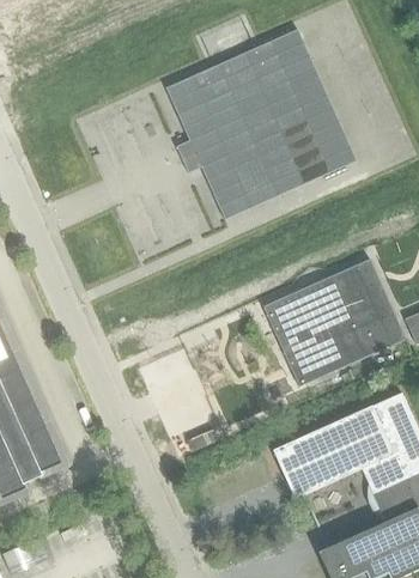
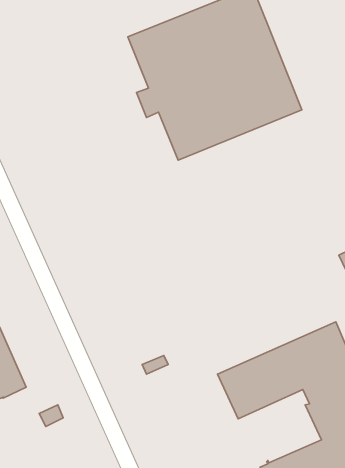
building: [262,260,402,385] -> none

